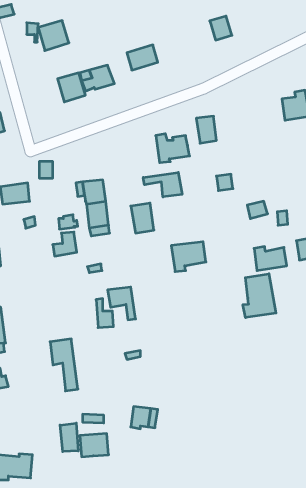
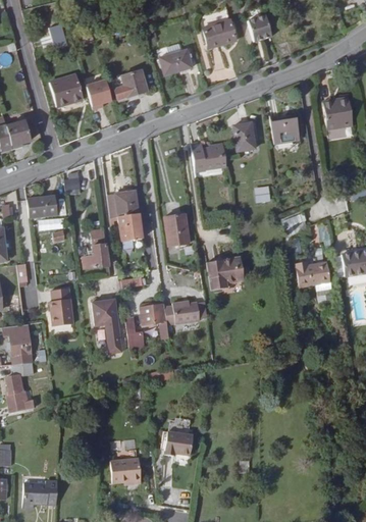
building: none -> [202,21,234,47]
building: [38,21,69,51] -> [51,76,84,108]
building: none -> [270,114,299,143]
building: [143,172,182,197] -> none
building: none -> [50,288,73,326]
building: [243,274,276,318] -> none
building: none -> [172,301,200,323]
building: [50,339,78,391] -> [92,300,121,355]
building: [60,423,78,452] -> none

